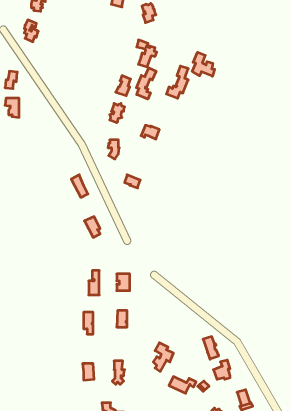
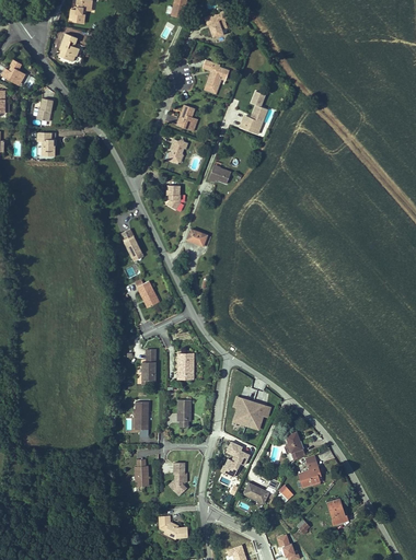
building: [192,52,215,76] -> none
building: [136,68,156,99] -> none
building: none -> [233,395,269,427]

